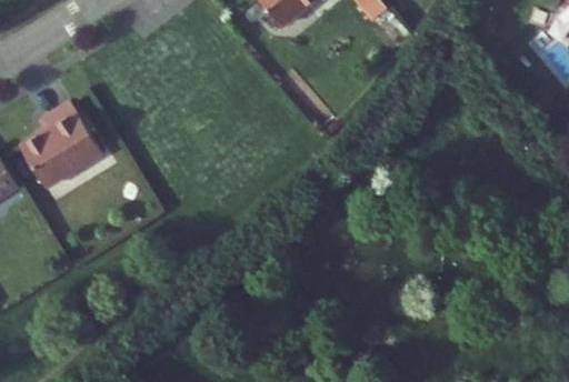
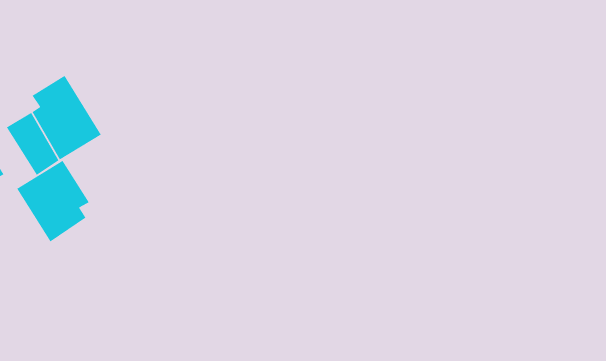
building: none -> [16,160,90,243]

